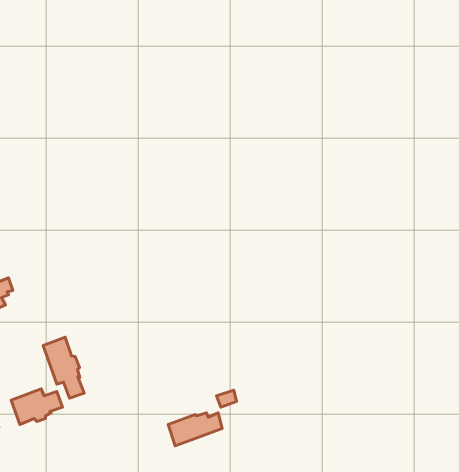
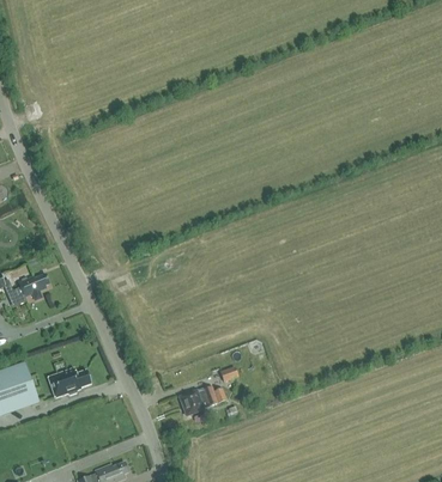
building: [43,337,84,398] -> none

